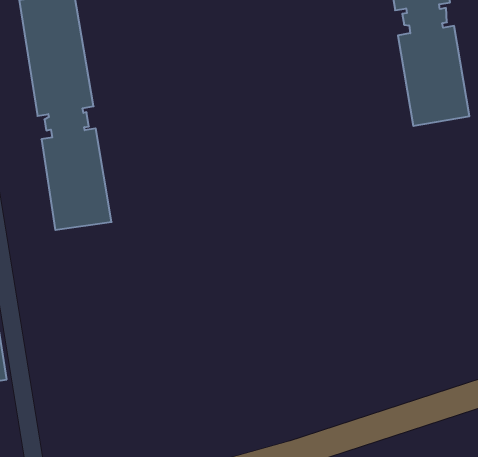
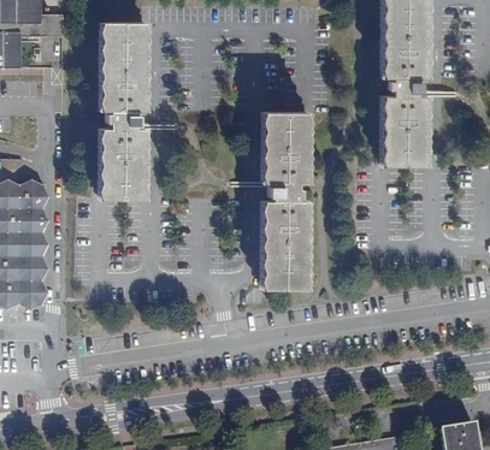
building: none -> [264,112,307,288]

